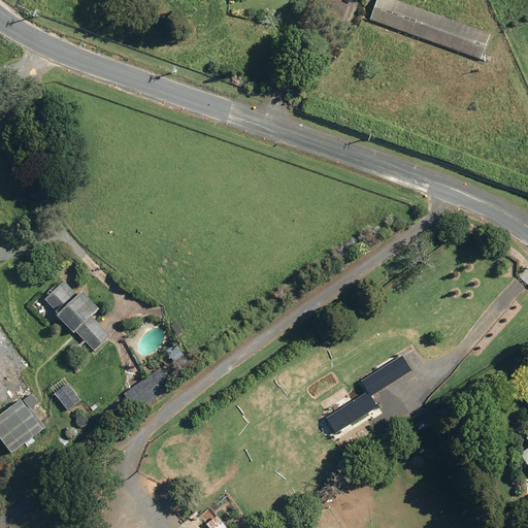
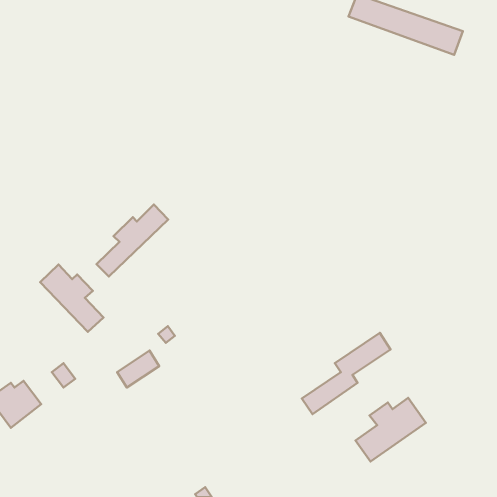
building: none -> [97,205,168,277]
building: none -> [356,398,426,461]

